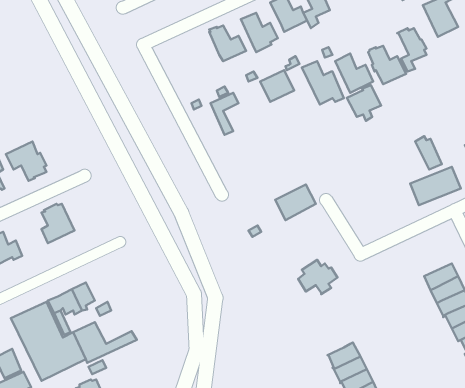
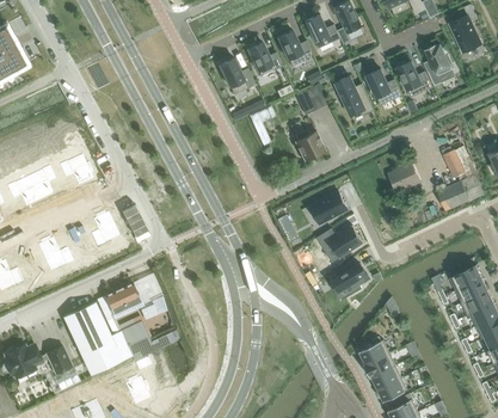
building: none -> [219,57,254,94]
building: [347,85,381,121] -> [388,161,420,195]
building: none -> [290,121,324,160]
building: none -> [316,226,363,258]

